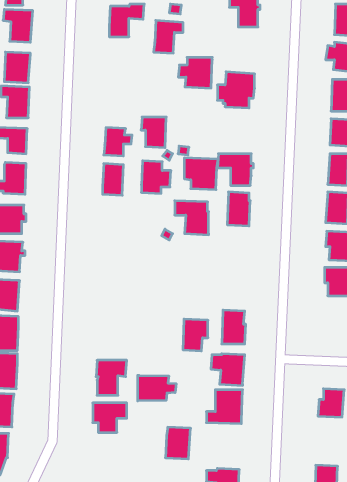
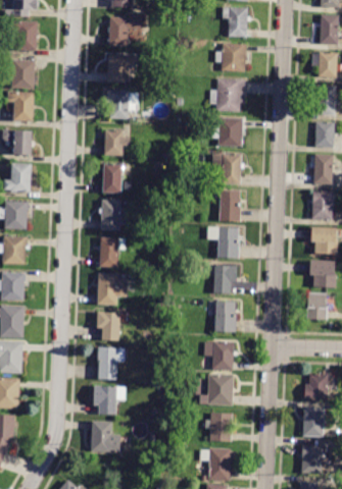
building: [154,20,183,53] -> [107,53,135,84]
building: [178,57,212,88] -> [215,43,247,71]
building: [141,117,166,148] -> [106,90,130,118]
building: [184,158,218,190] -> [212,117,244,147]
building: [141,161,171,193] -> [101,199,129,229]
building: [175,201,209,235] -> [208,226,240,258]
building: none -> [100,236,126,267]
building: none -> [97,273,128,305]
building: none -> [307,290,327,317]
building: [183,319,208,351] -> [213,264,237,293]
building: none -> [97,311,120,340]
building: [138,375,176,401] -> none
building: none -> [303,408,324,436]
building: [165,427,191,459] -> [209,412,233,441]
building: none -> [91,421,120,451]

